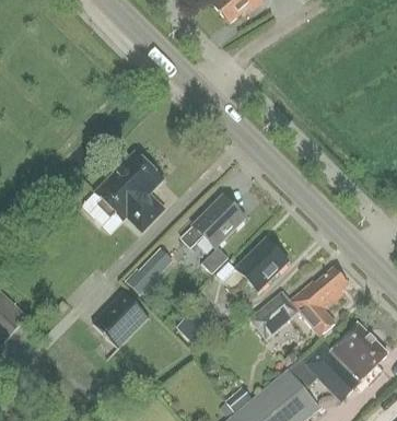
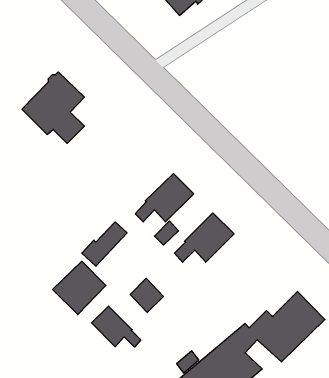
building: [95,151,163,229] -> [22,72,84,143]
building: [250,268,347,338] -> none
building: none -> [92,306,141,347]

